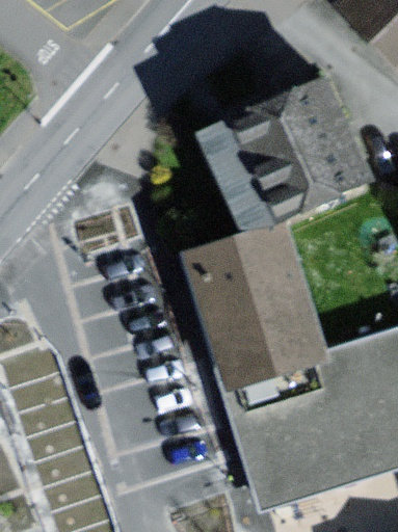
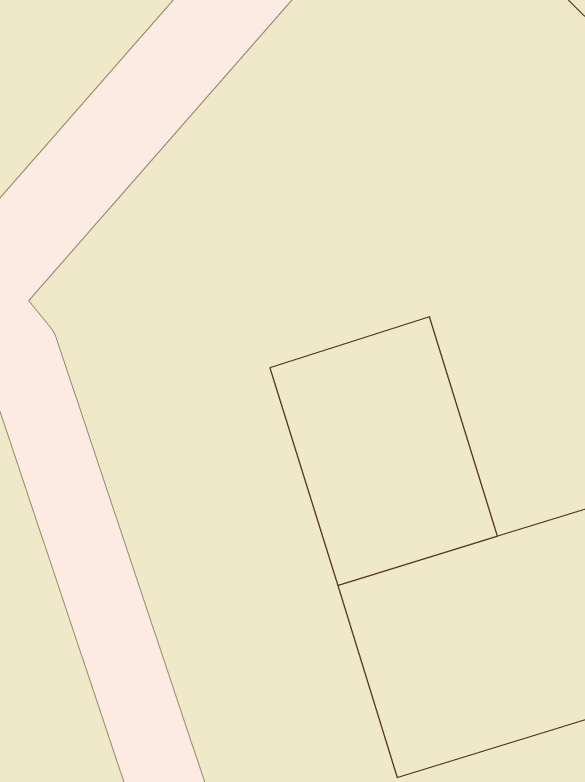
building: [204,79,366,225] -> none

